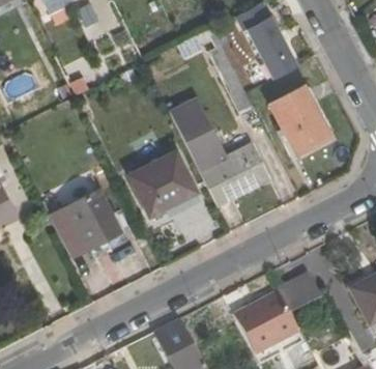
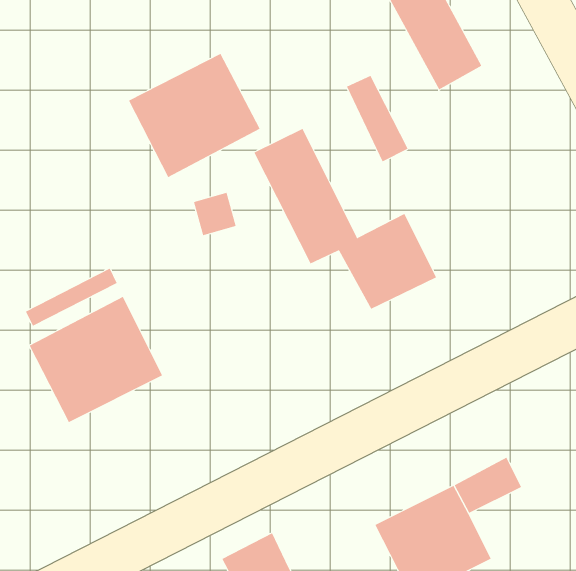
building: [269,85,334,154] -> none
building: [126,150,199,219] -> [128,53,260,178]

